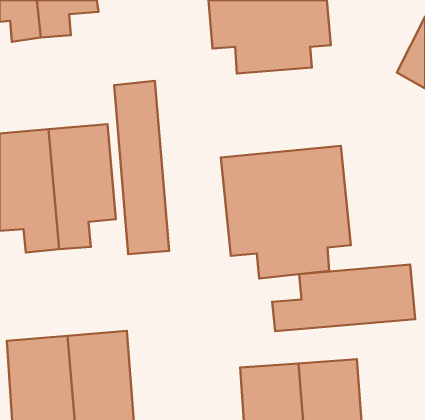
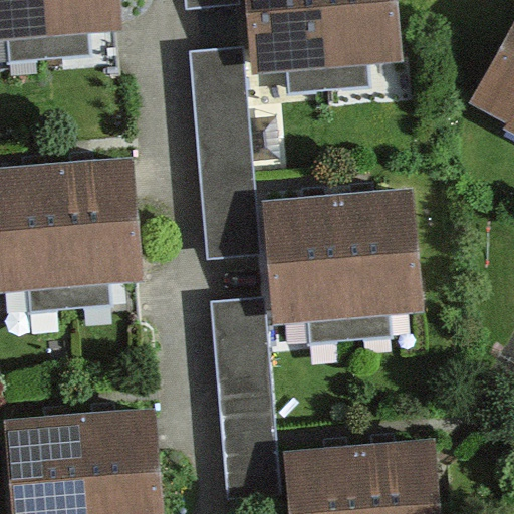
building: [114,81,169,254] -> [191,50,257,259]
building: none -> [211,299,281,500]
building: [272,264,415,331] -> none

